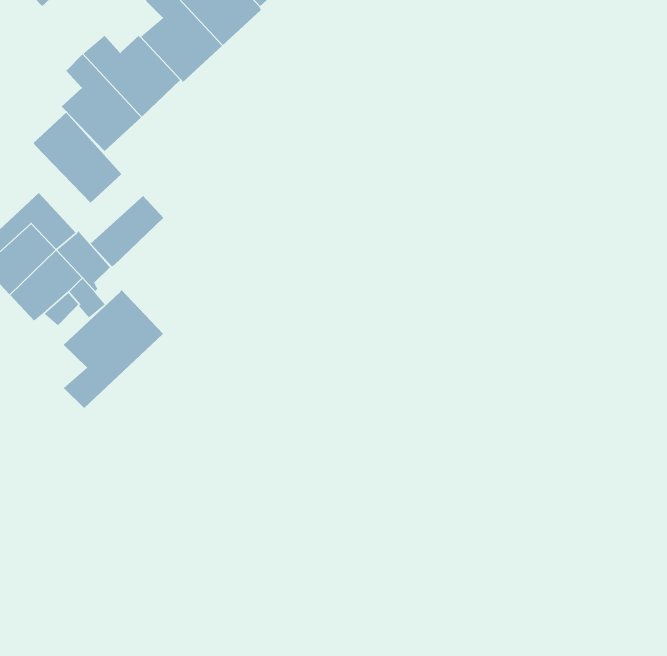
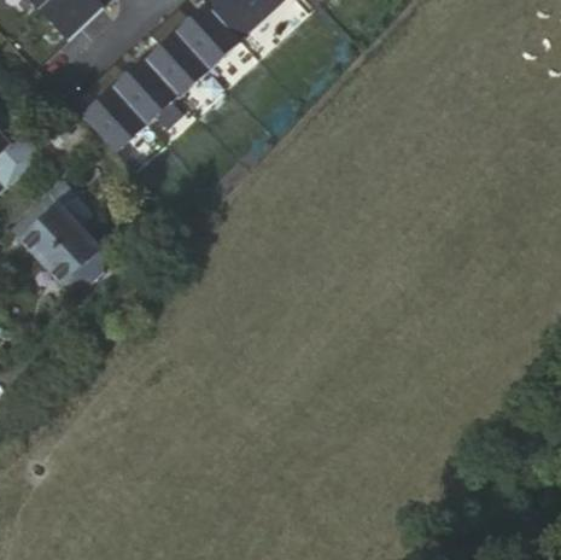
building: [32,112,122,204] -> none
building: [90,195,164,267] -> none
building: [63,289,164,409] -> none

